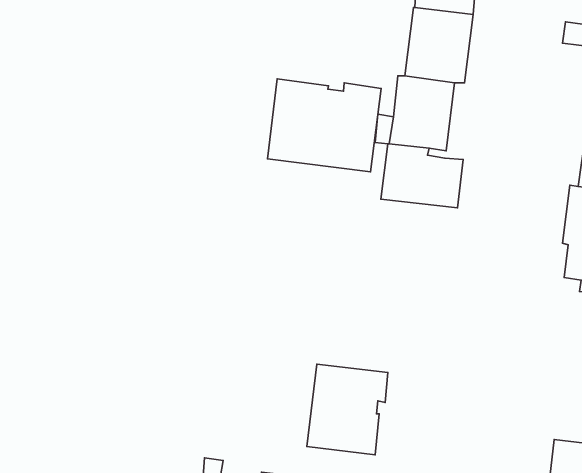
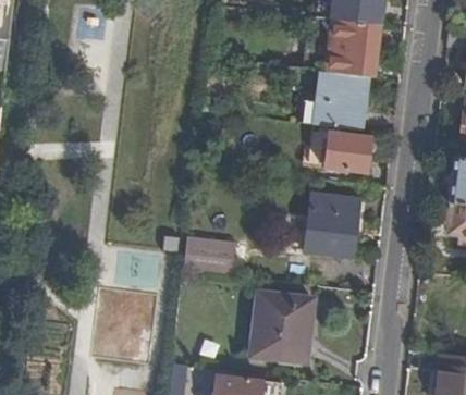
building: [267,79,381,172] -> none
building: none -> [304,193,358,258]
building: none -> [184,236,237,275]

